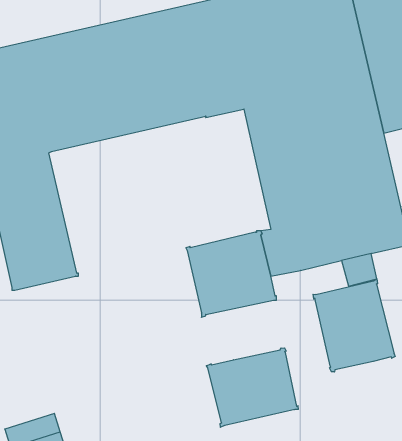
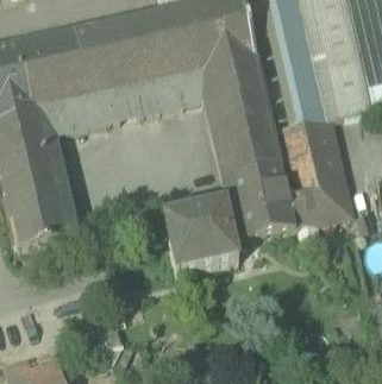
building: [313,279,395,372] -> none
building: [206,348,298,427] -> none

